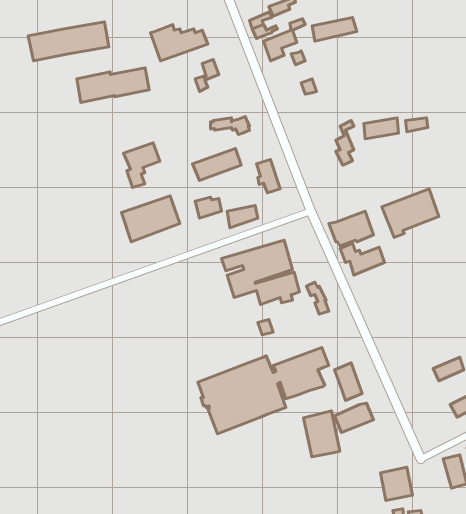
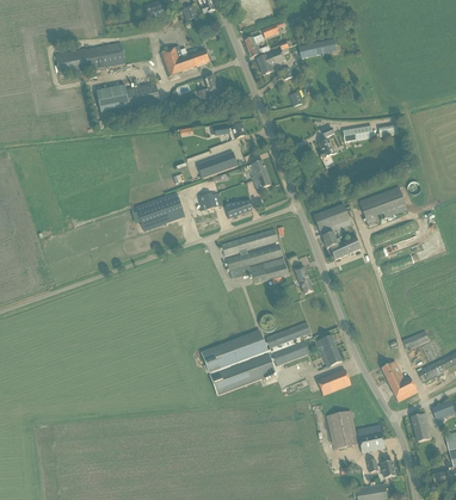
building: [124,143,160,187] -> none
building: none -> [381,360,417,401]
building: [304,411,340,457] -> [327,409,358,449]

